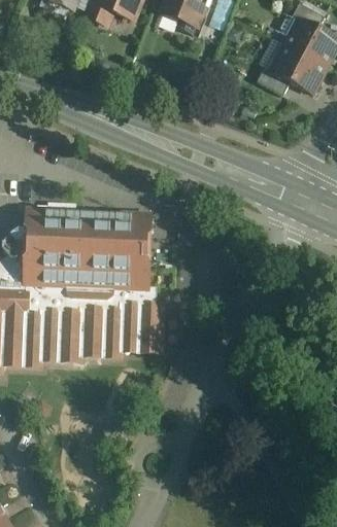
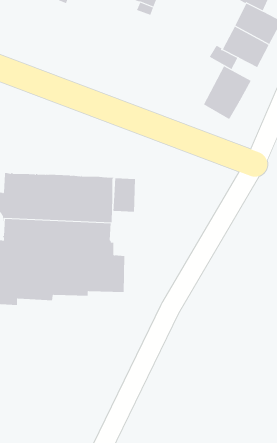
building: none -> [203,65,252,120]
building: none -> [113,177,136,213]

